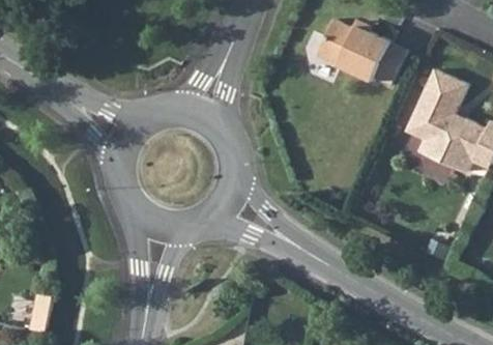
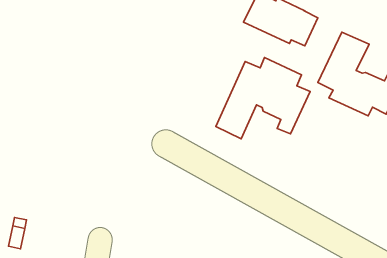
building: none -> [216,57,310,139]

